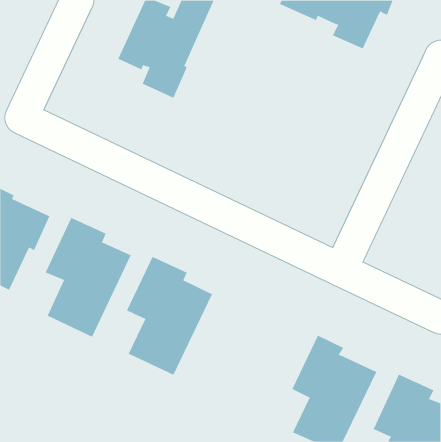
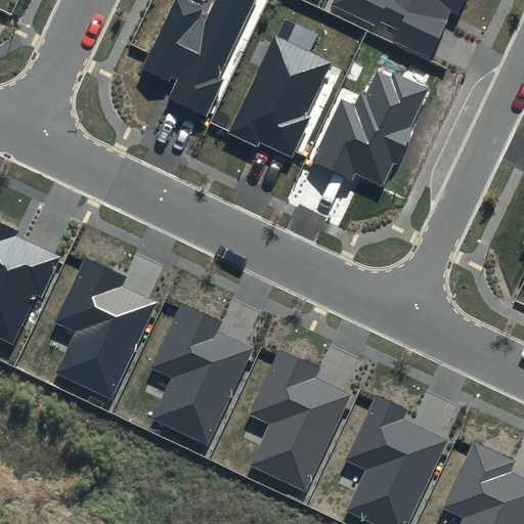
building: none -> [226,34,331,157]
building: none -> [309,70,430,188]
building: none -> [248,349,349,491]

